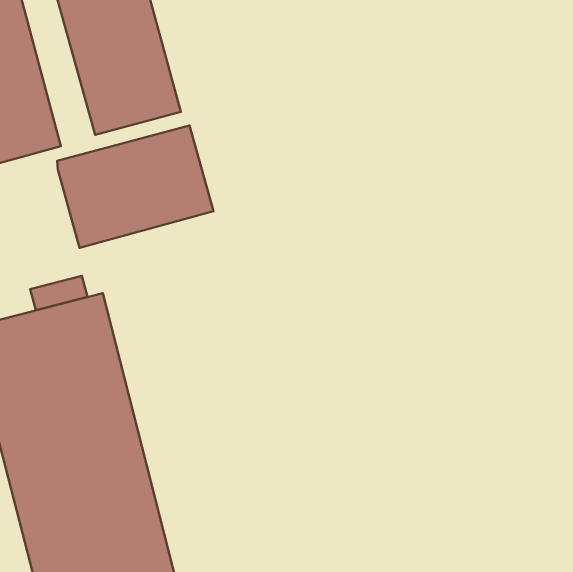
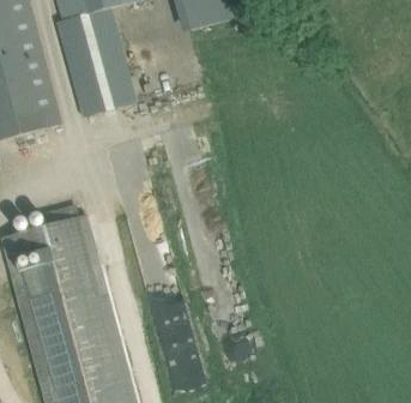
building: [57,125,213,248] -> none

